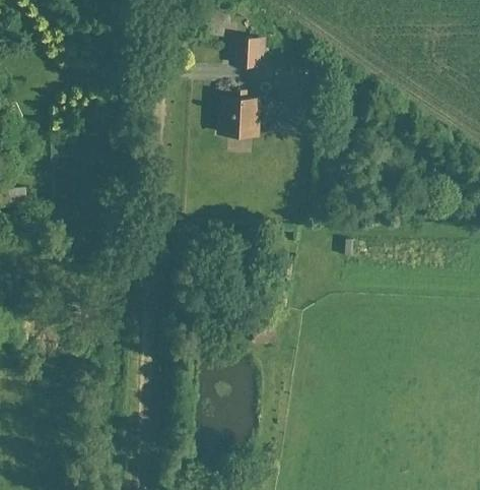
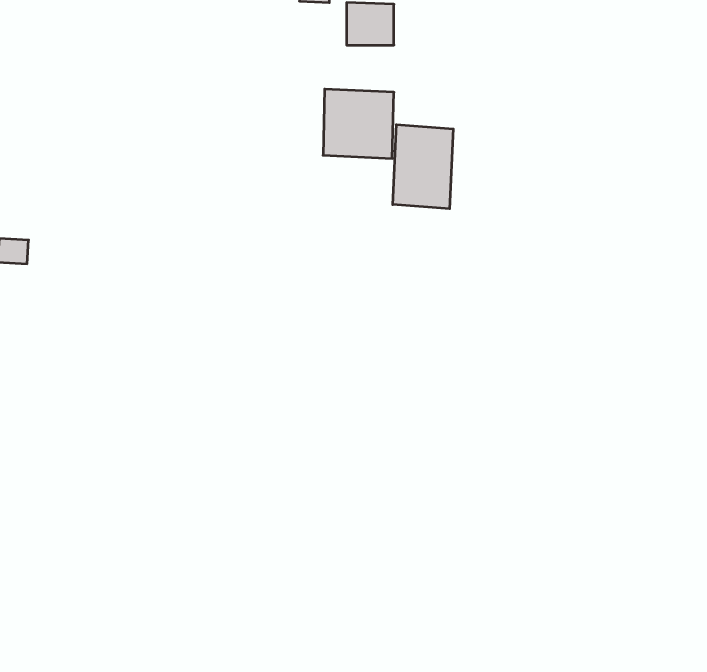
building: none -> [393,125,453,209]

